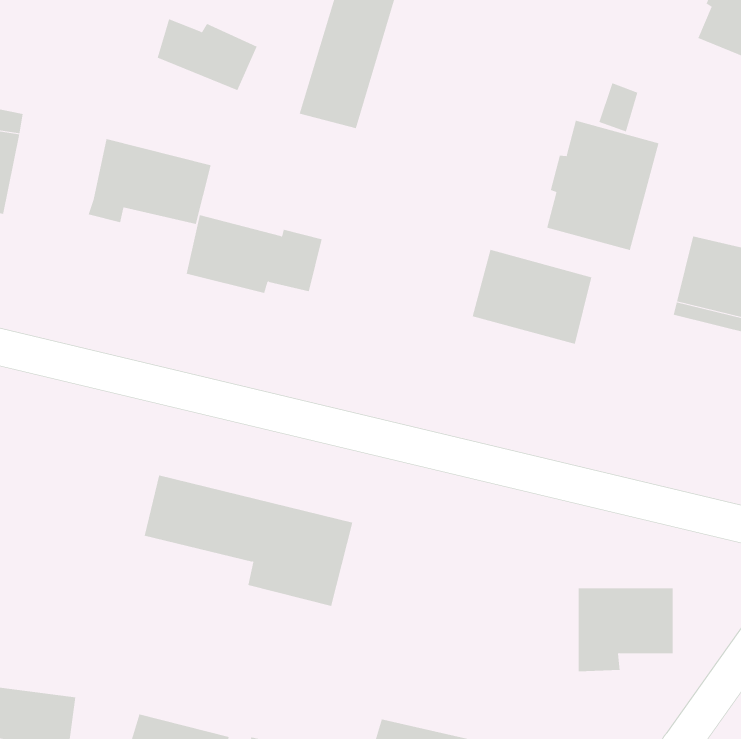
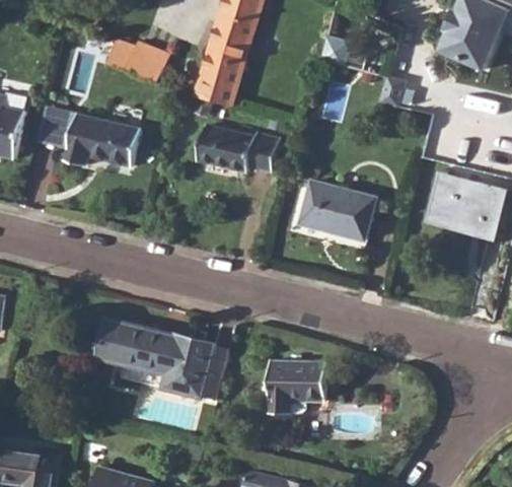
building: [546,120,659,251] -> none
building: none -> [33,106,75,150]
building: [186,215,323,294] -> [195,124,279,172]
building: [578,588,673,672] -> [267,361,325,413]

